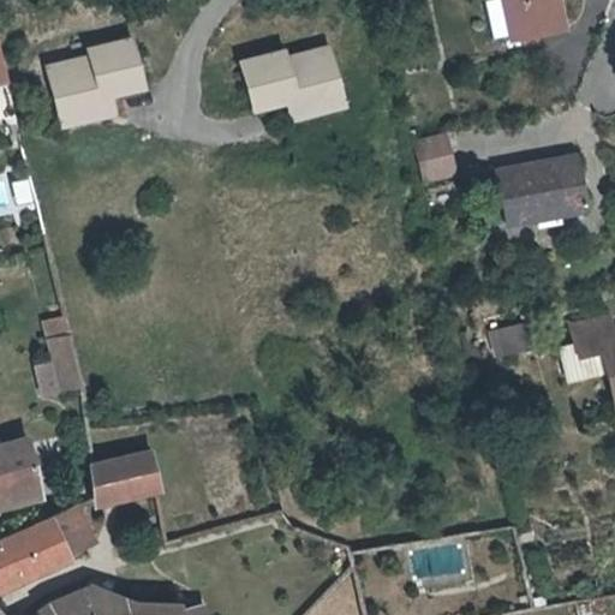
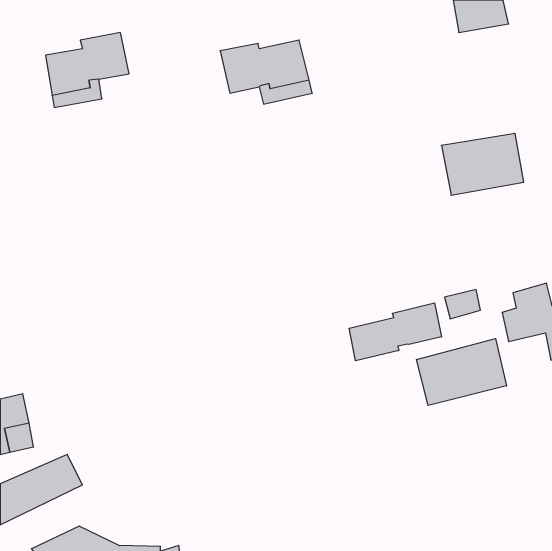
building: [417,135,456,181] -> none
building: [43,318,79,394] -> none
building: none -> [349,303,441,361]
building: none -> [417,339,506,405]
building: [92,455,154,500] -> none

